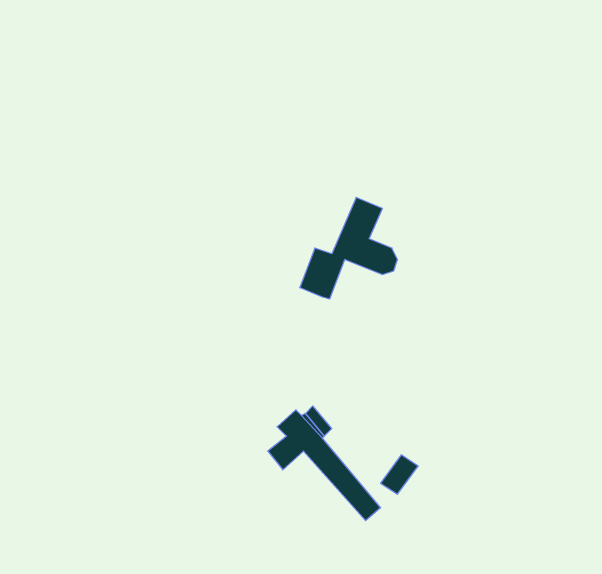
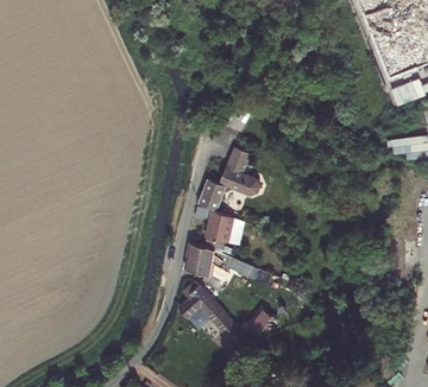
building: none -> [207,210,234,243]
building: none -> [185,243,283,287]

